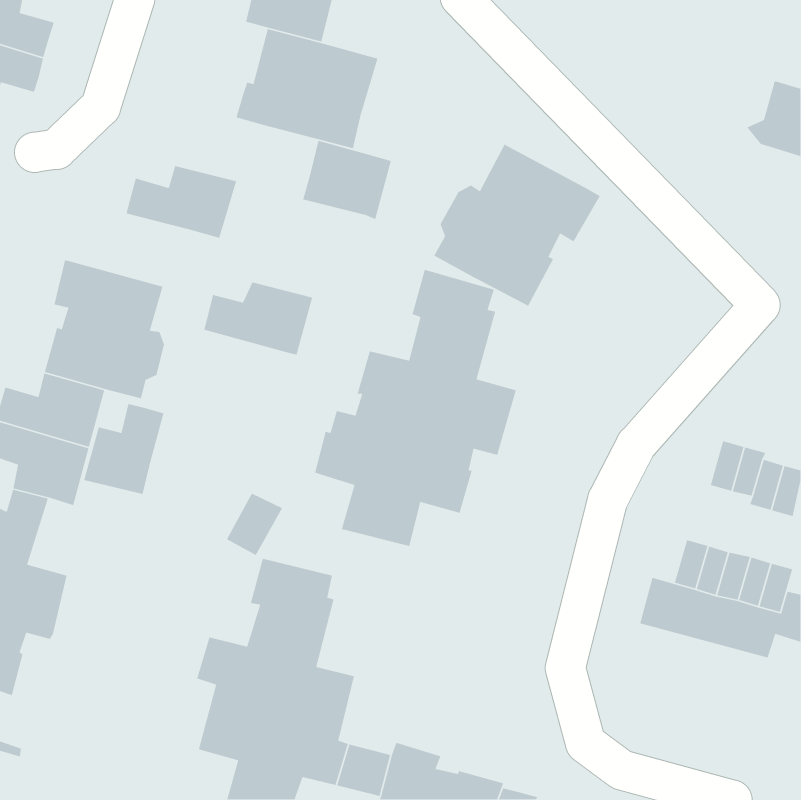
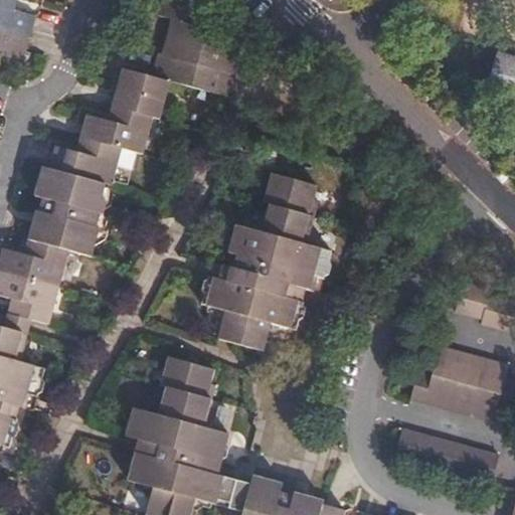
building: [302,140,392,220] -> [112,67,169,119]
building: [433,143,601,307] -> none
building: [203,281,313,355] -> [49,137,120,184]
building: [83,403,164,495] -> none
building: [226,493,283,556] -> none
building: none -> [394,427,498,483]

